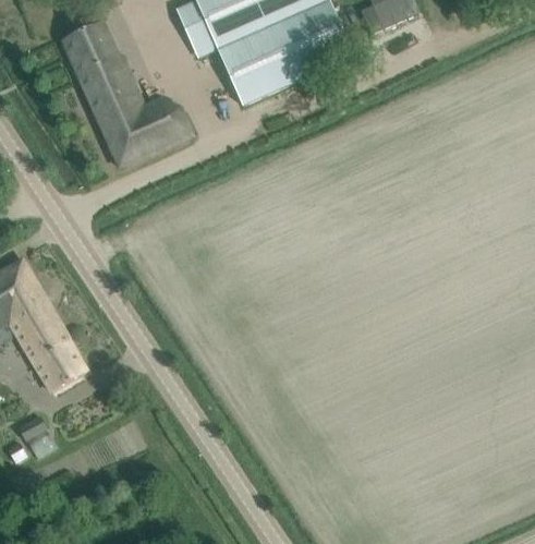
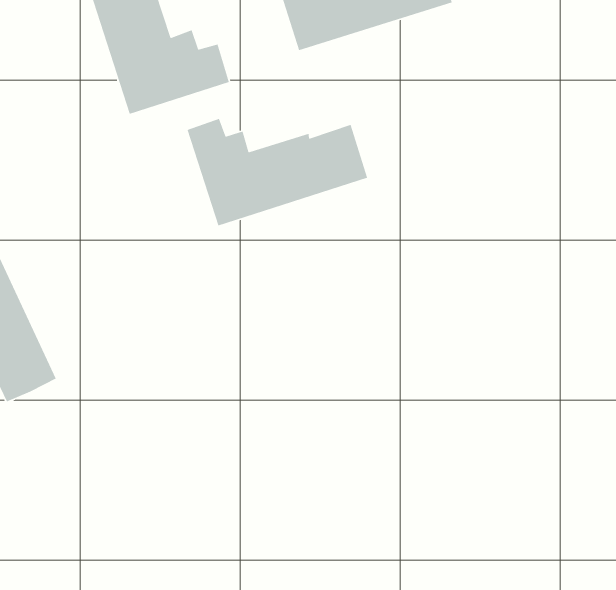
building: none -> [186,118,368,226]

